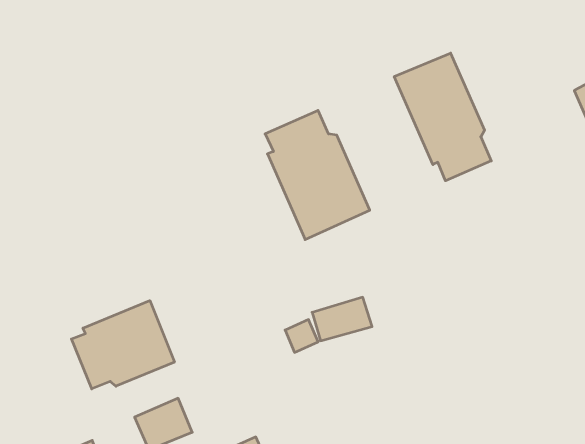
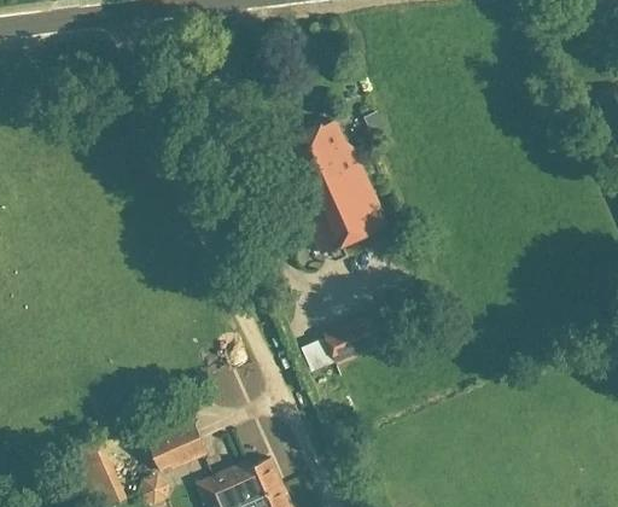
building: [394,53,491,181] -> none
building: [71,301,174,389] -> none

